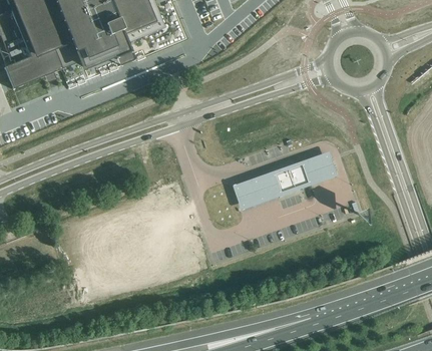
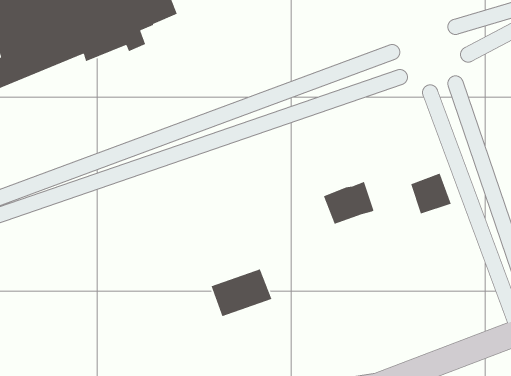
building: [305,150,338,184] -> [410,173,452,214]
building: [232,170,281,210] -> [210,268,272,317]

